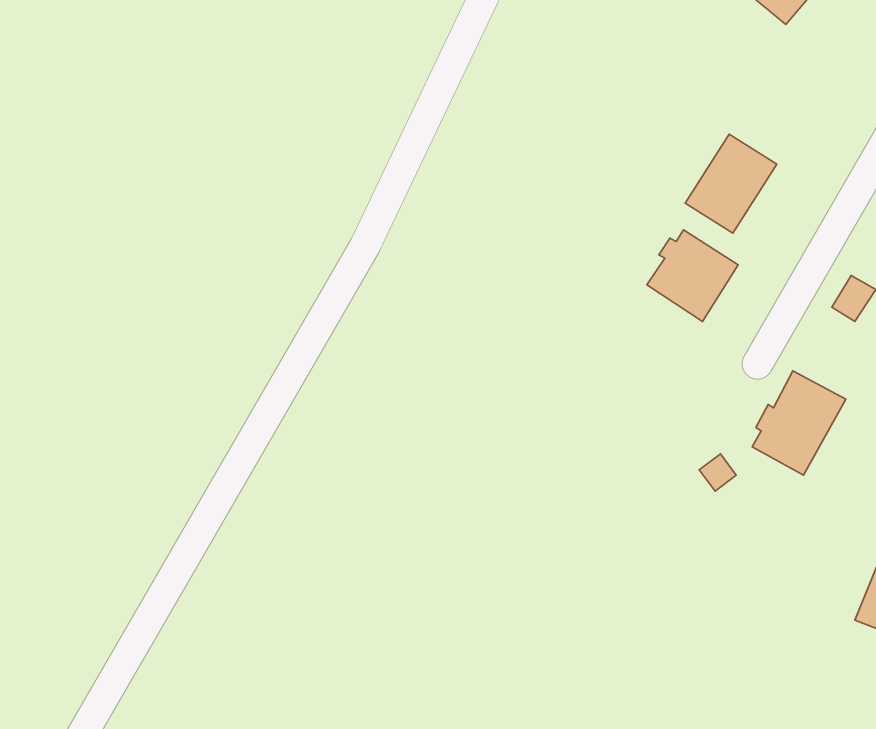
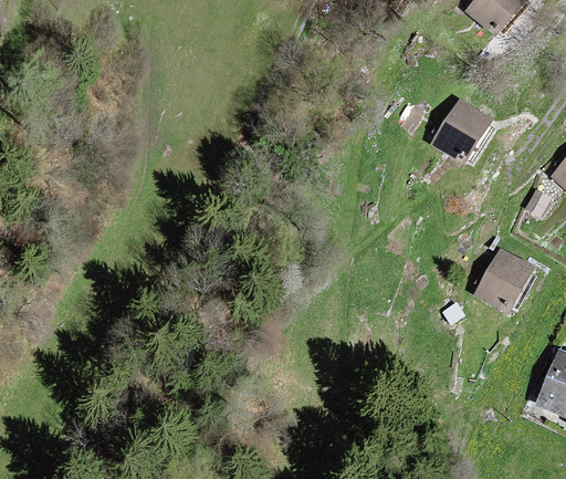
building: [647,230,738,321] -> none

